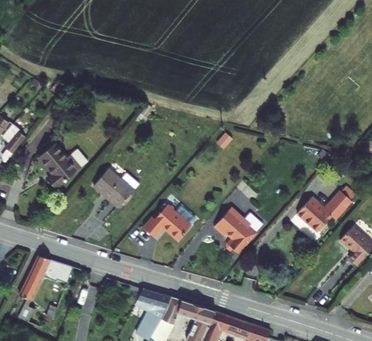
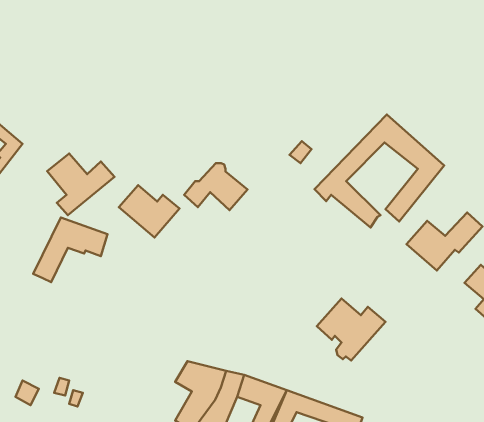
building: none -> [315,115,444,228]
building: [145,202,191,236] -> [184,163,247,210]
building: [212,205,262,250] -> [317,299,386,361]
building: [18,258,72,305] -> [33,218,108,282]

